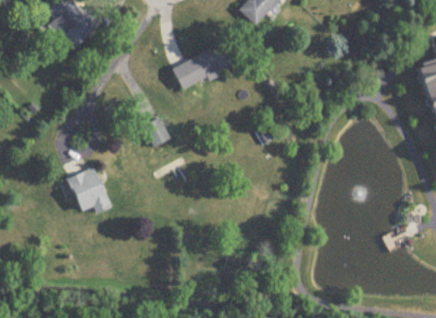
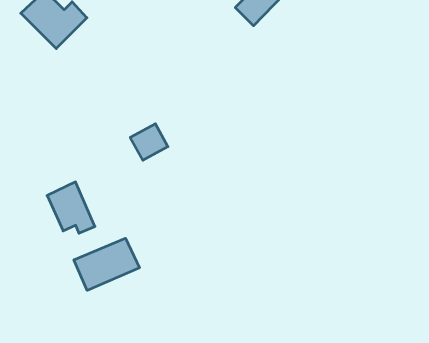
building: [172,44,233,88] -> none
building: none -> [74,238,139,290]

